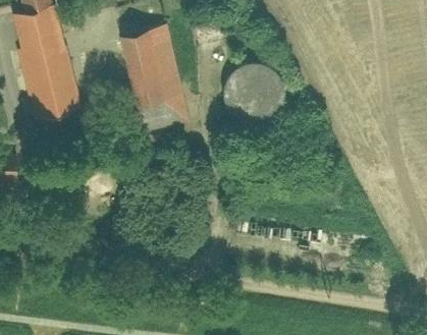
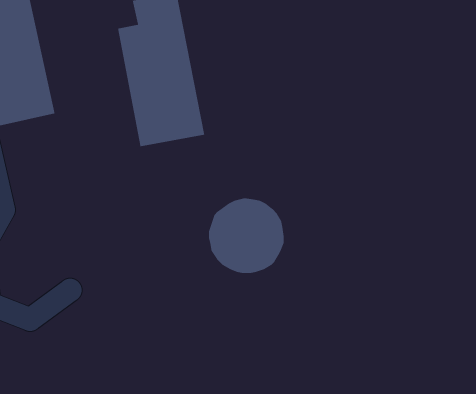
building: [227,58,285,116] -> [208,198,284,274]

